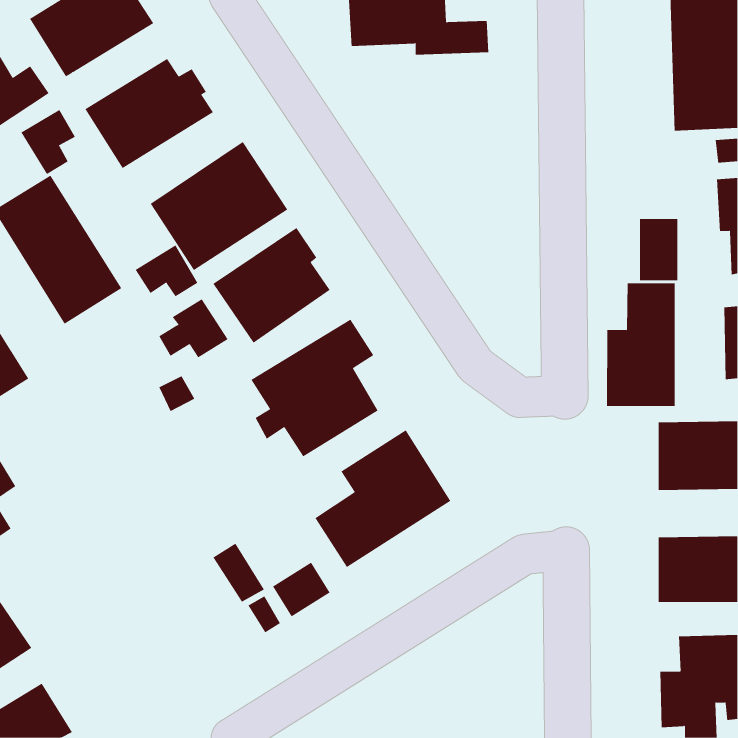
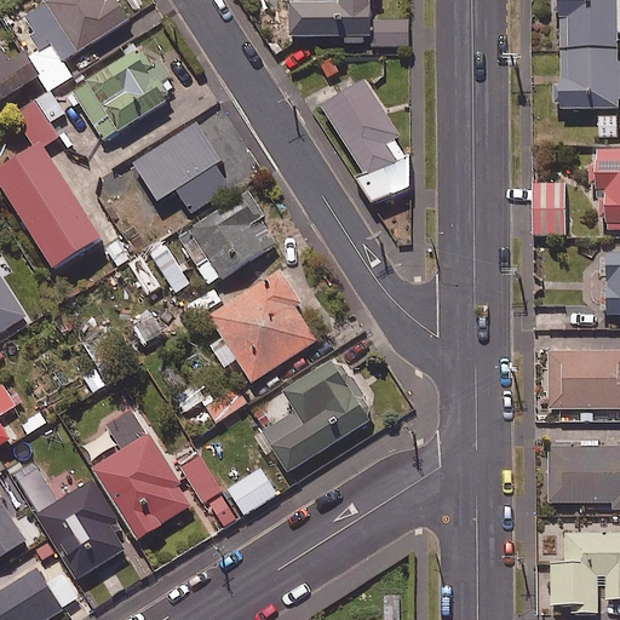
building: none -> [322,80,409,205]
building: [135,244,198,297] -> none
building: [607,282,675,407] -> none
building: none -> [92,407,194,540]
building: none -> [12,460,126,580]

